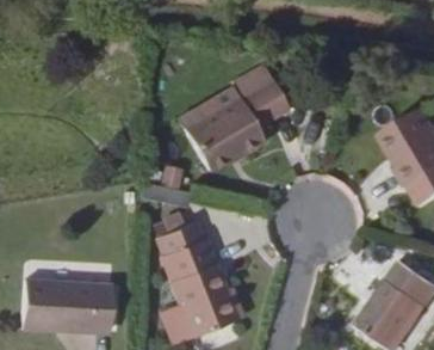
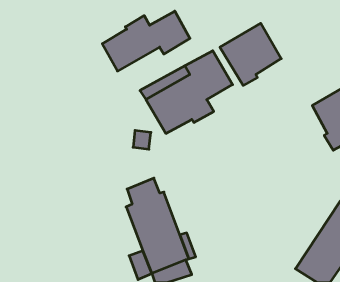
building: none -> [102,11,190,71]
building: none -> [220,23,281,85]
building: [18,283,106,333] -> none

